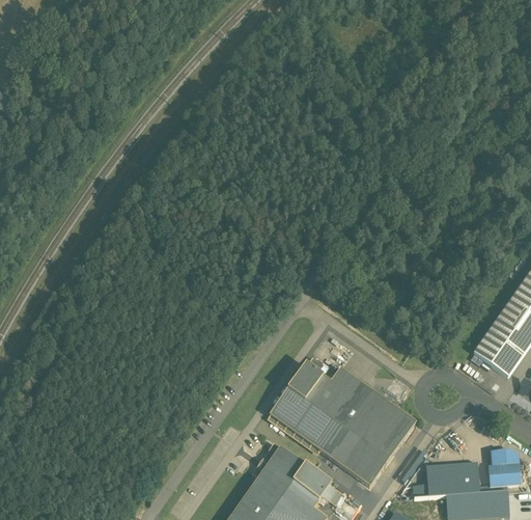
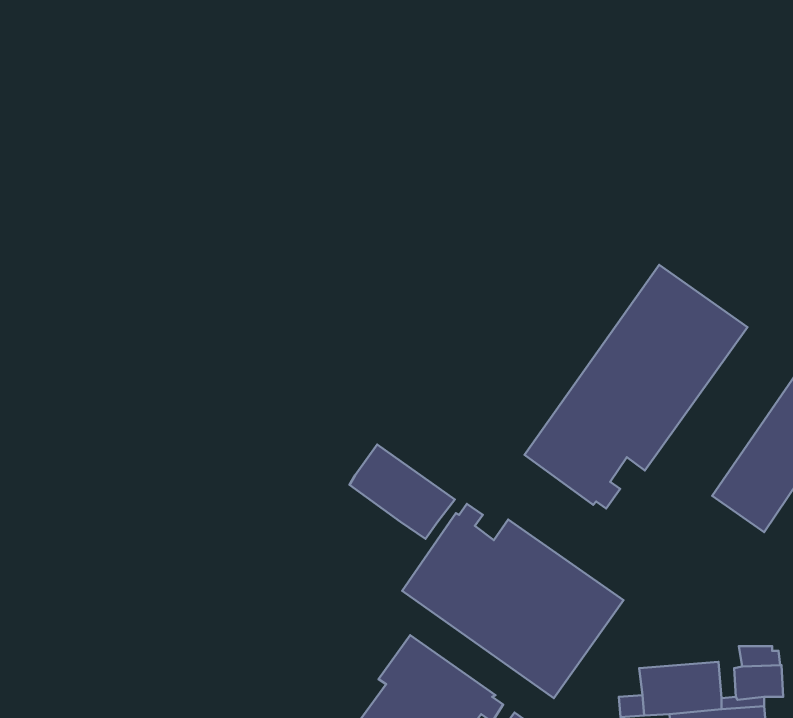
building: none -> [525,265,747,508]
building: none -> [350,445,455,539]

